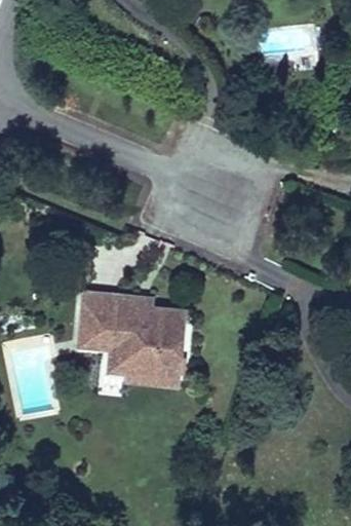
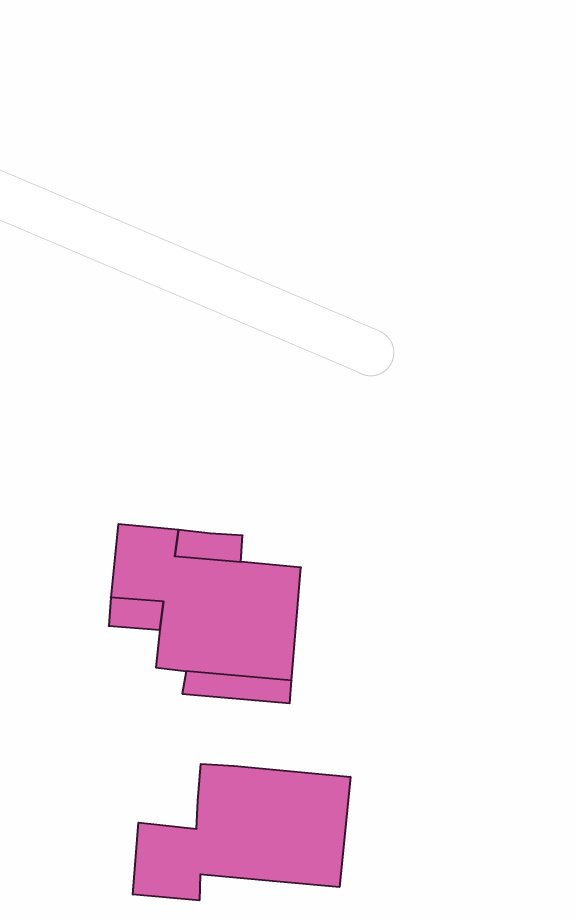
building: none -> [133,764,350,900]

